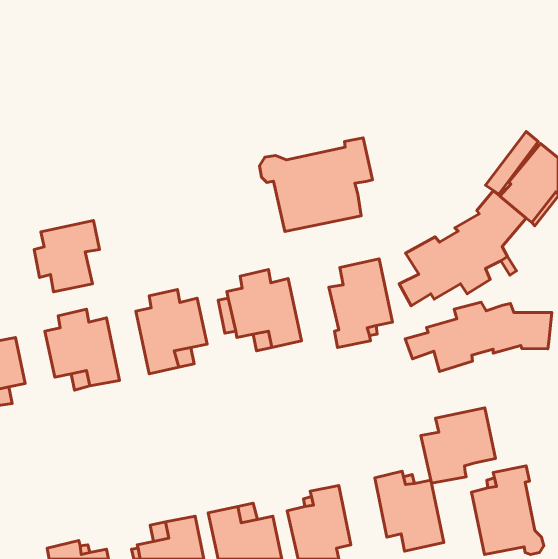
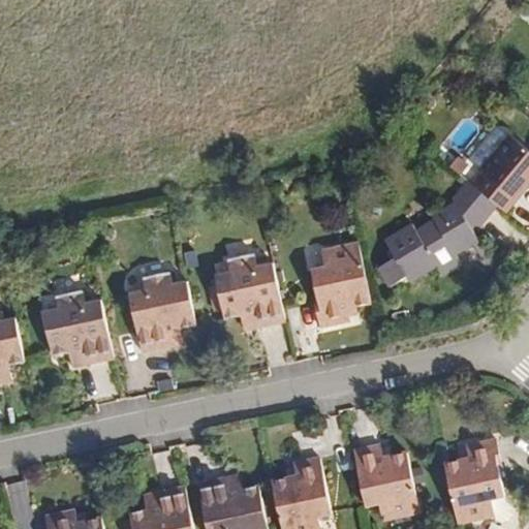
building: [260,138,372,232] -> none
building: [34,221,99,292] -> none
building: [405,302,552,371] -> none
building: [421,408,496,483] -> none

